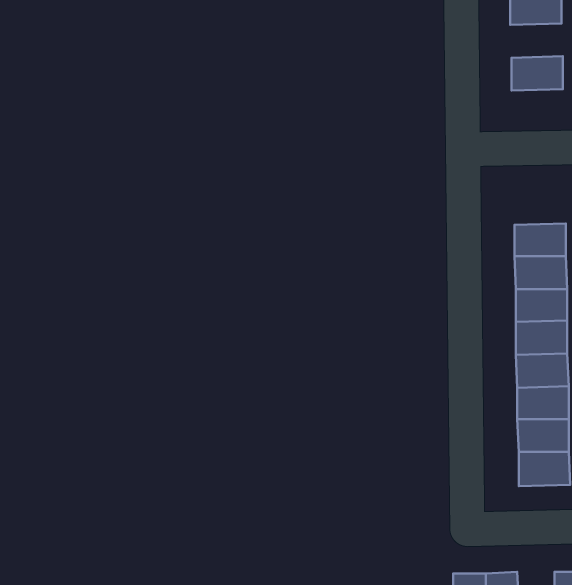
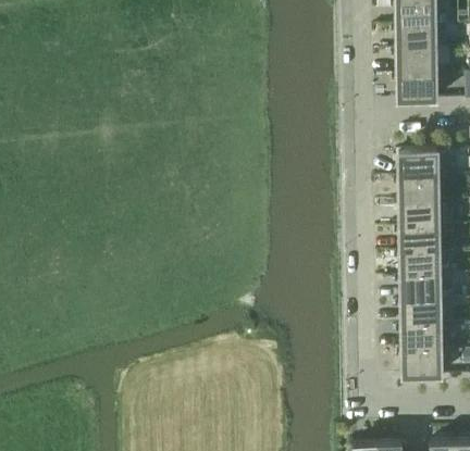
building: none -> [397,22,437,48]
building: none -> [398,72,437,98]
building: none -> [399,148,440,175]

